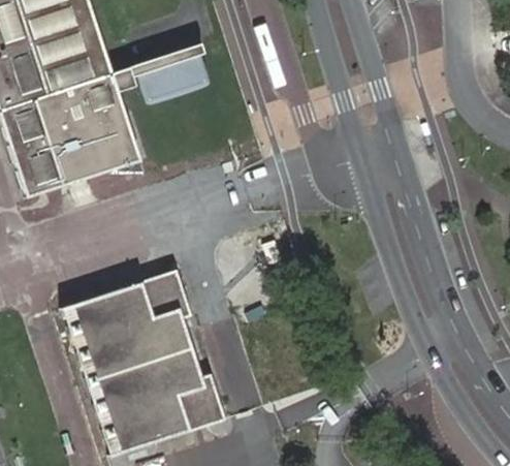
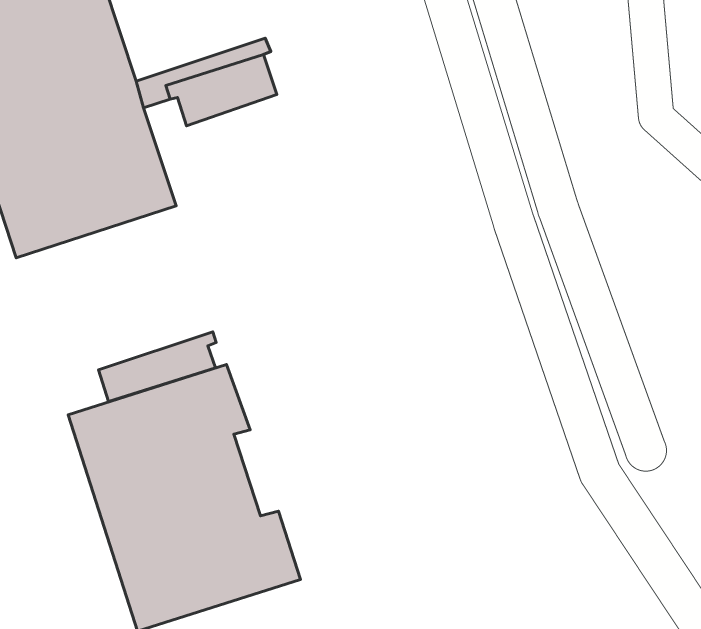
building: none -> [98,332,216,402]

